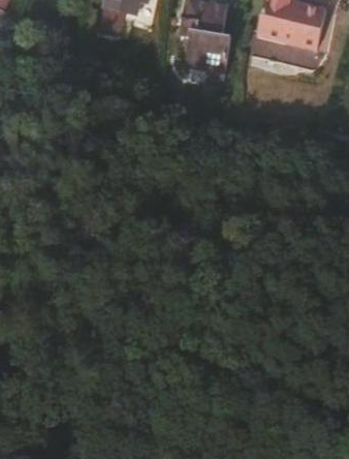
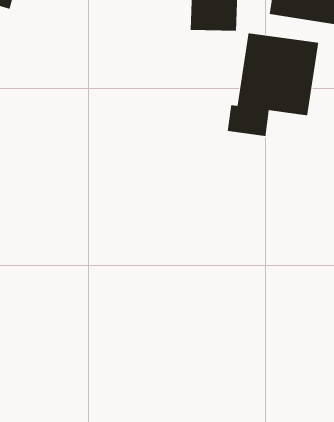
building: none -> [227,32,319,137]

